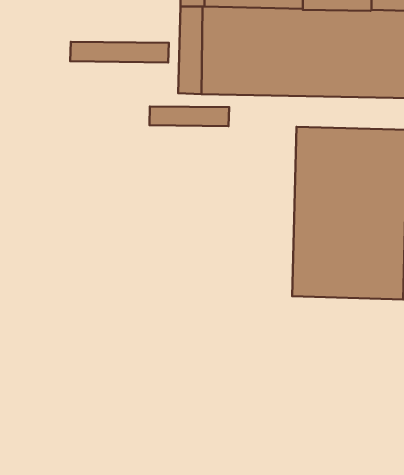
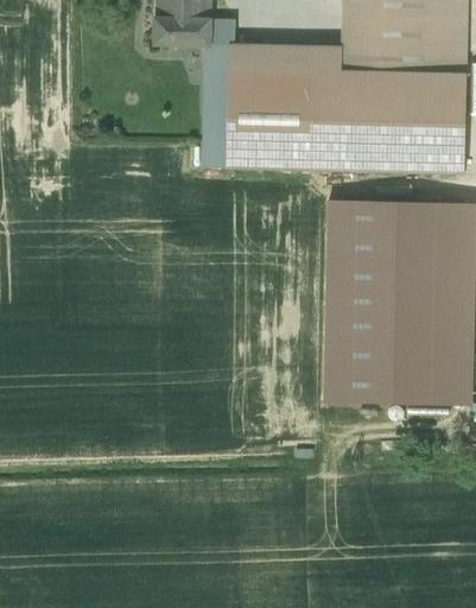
building: [70,42,169,62] -> none
building: [149,106,229,126] -> none

